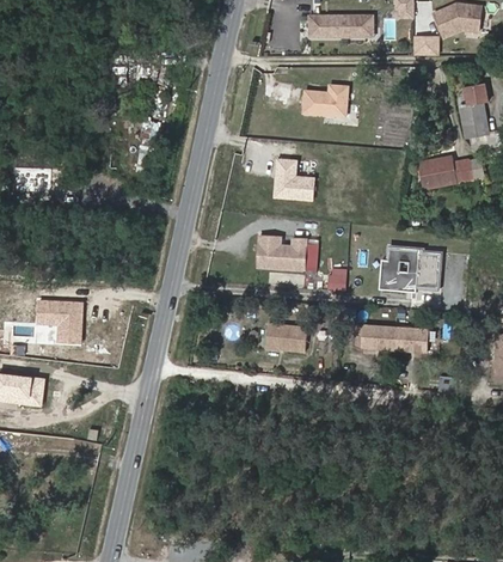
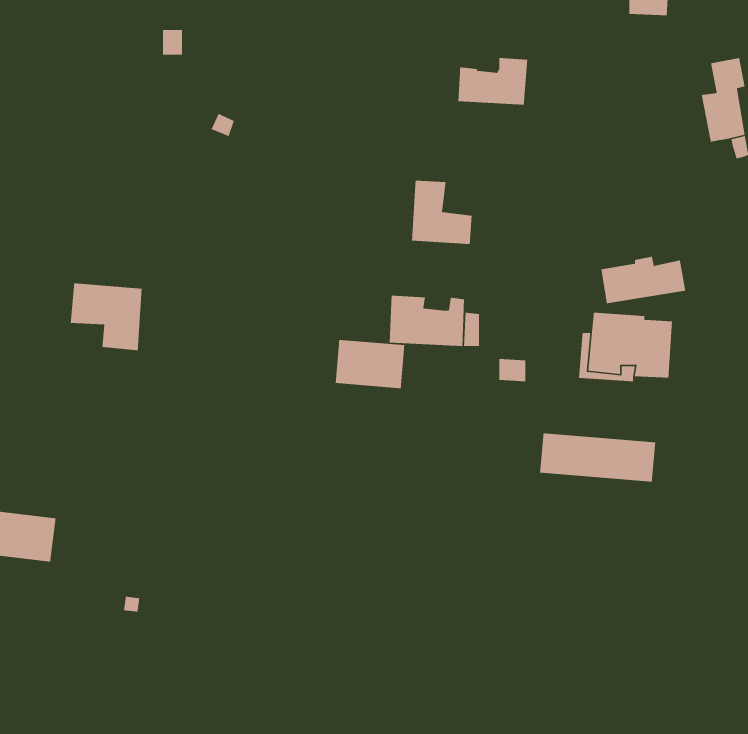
building: [418,157,473,188] -> [601,256,686,304]
building: [35,299,81,343] -> [70,283,142,351]
building: [263,322,308,354] -> [335,339,405,389]

